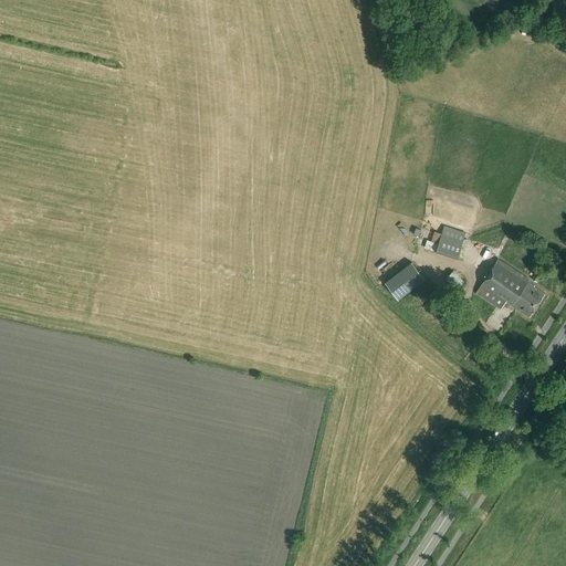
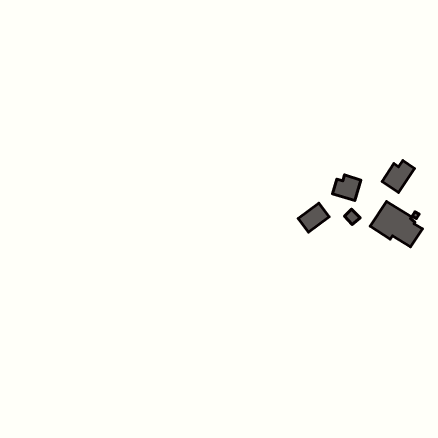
building: none -> [382,160,414,193]

